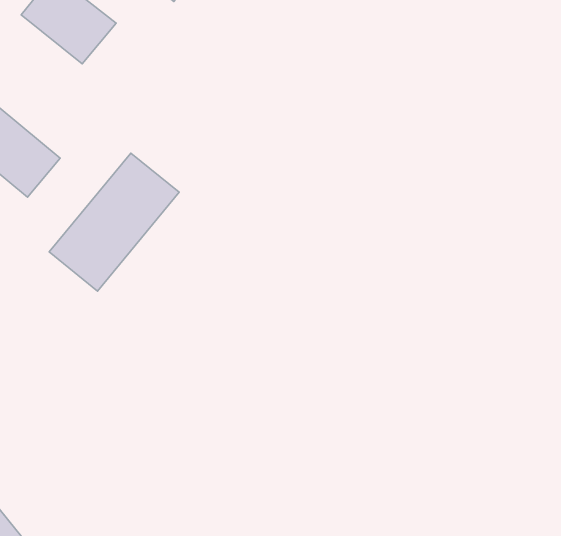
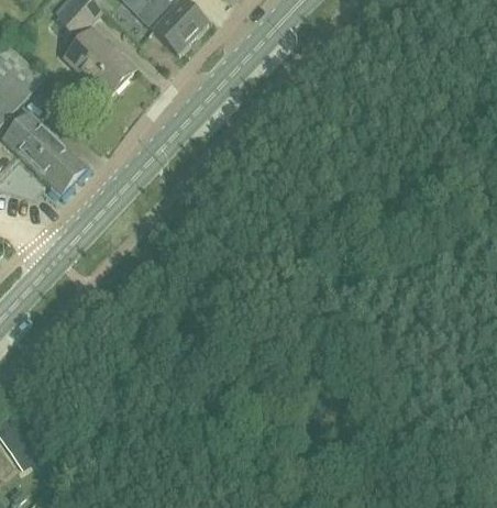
building: [49,153,179,291] -> none

